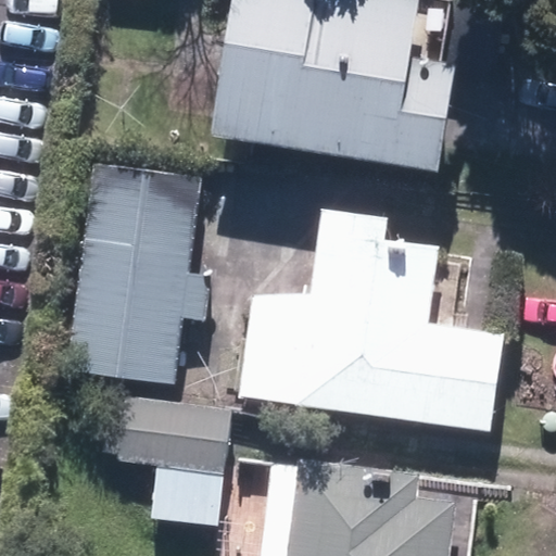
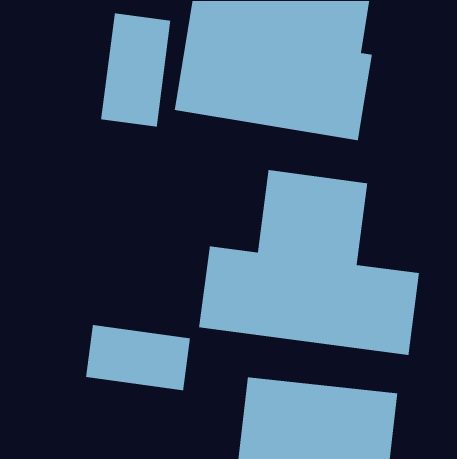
building: none -> [100,13,171,128]
building: [67,164,203,379] -> none

